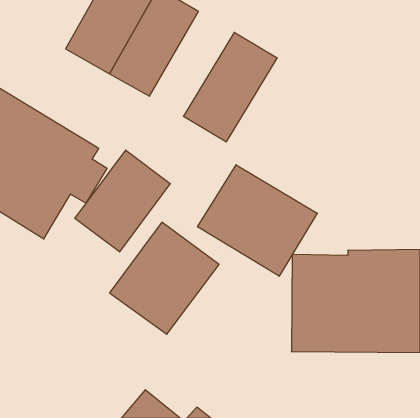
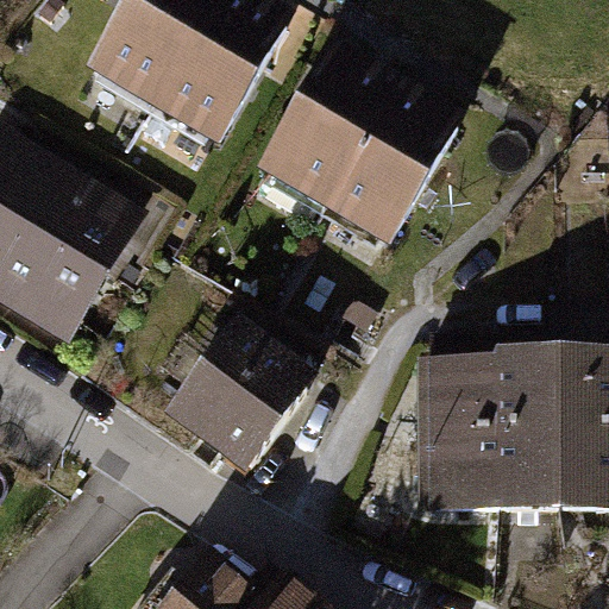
building: none -> [325,83,454,238]
building: [75,150,170,252] -> none
building: [198,165,317,276] -> none

